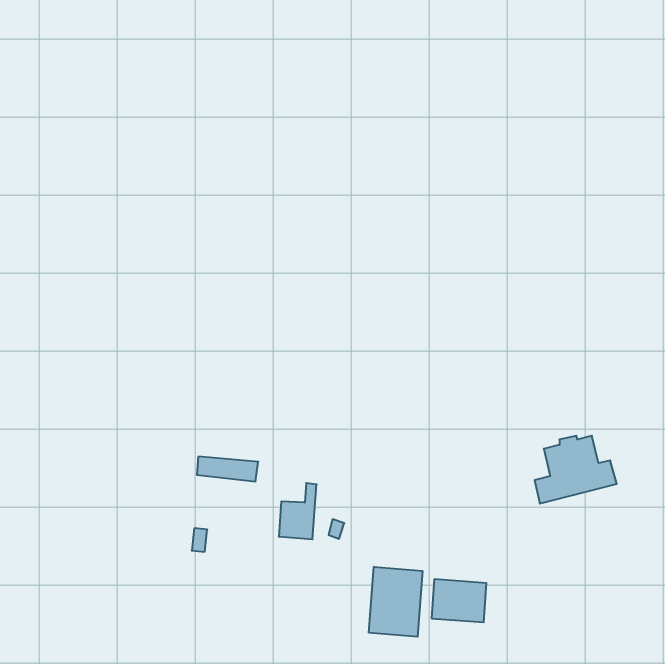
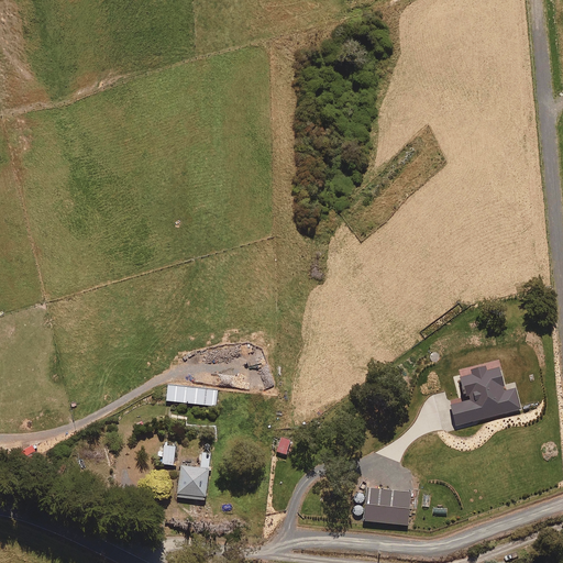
building: [279,483,317,539] -> [178,451,210,498]
building: [369,567,422,637] -> none

